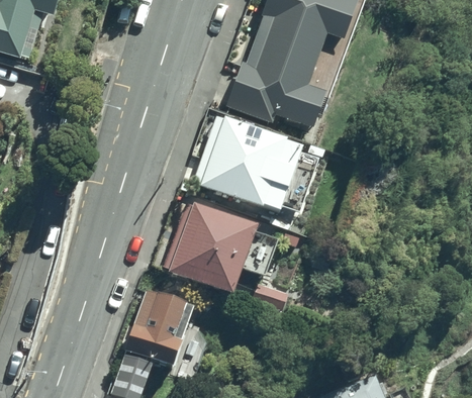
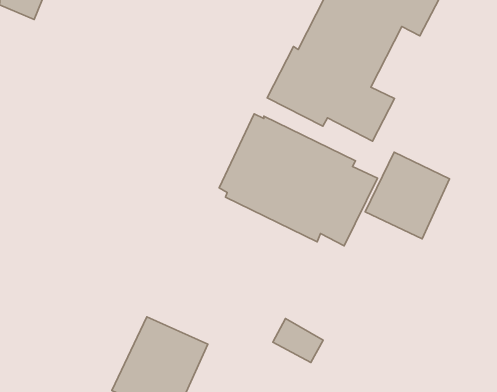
building: none -> [365,152,449,239]
building: [162,201,277,297] -> none

